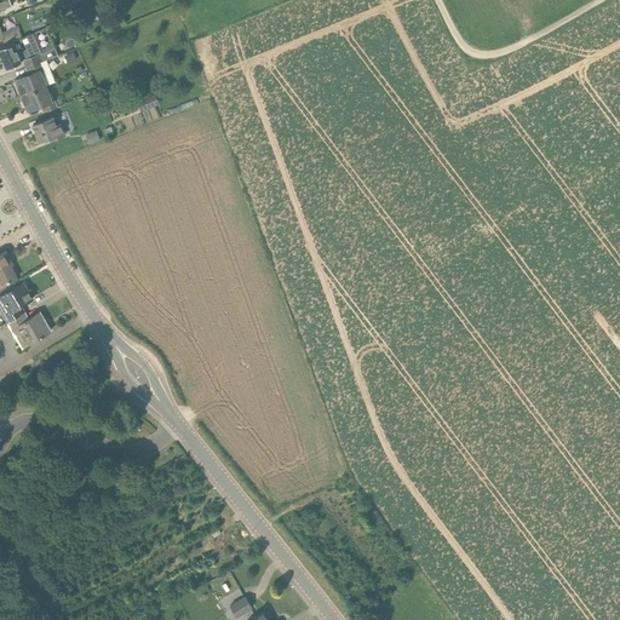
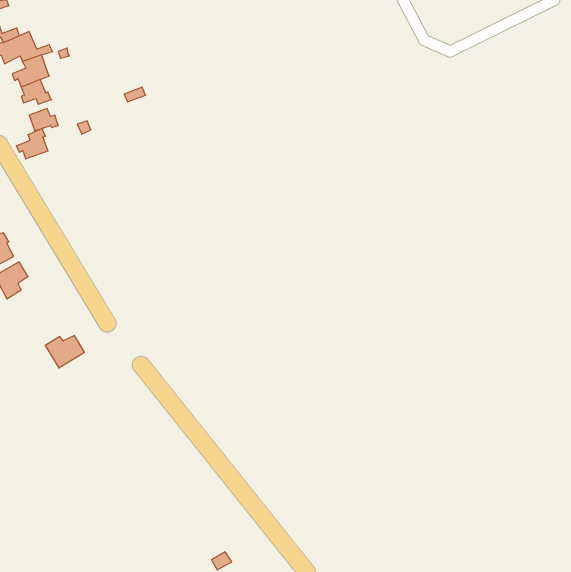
building: none -> [16,128,48,159]
building: [7,312,50,348] -> [45,335,84,368]

